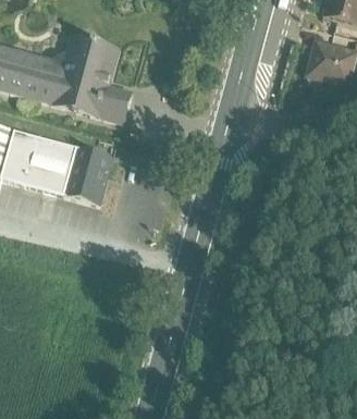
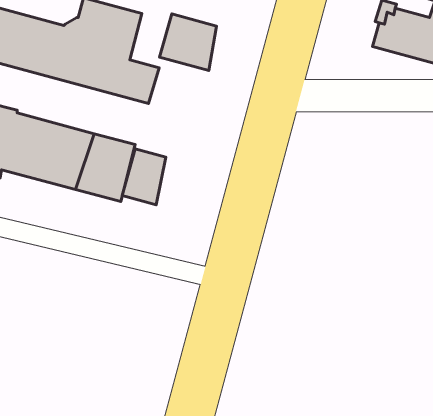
building: none -> [159,14,217,71]
building: none -> [122,149,166,205]

